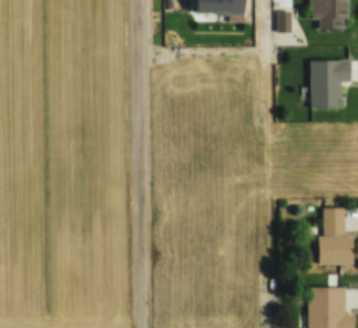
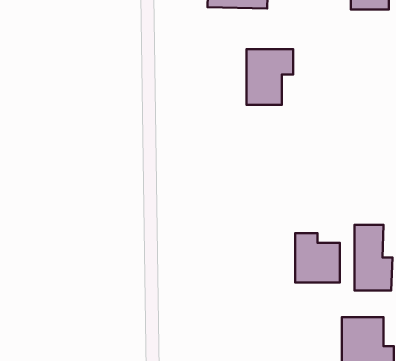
building: [310,60,351,109] -> [246,49,293,105]
building: none -> [295,233,340,282]

